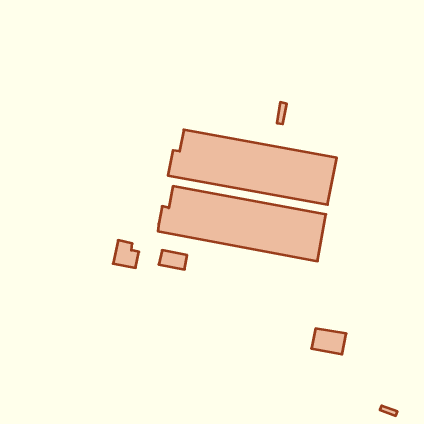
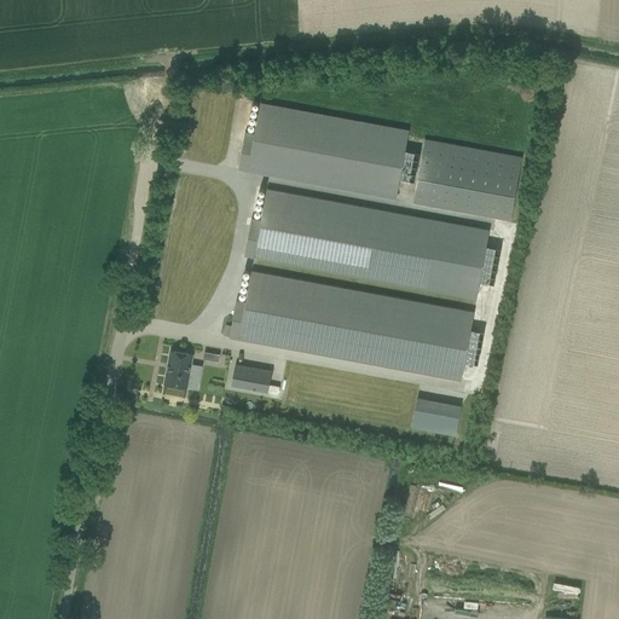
building: none -> [239,104,410,199]
building: none -> [415,140,521,220]
building: [311,329,346,354] -> [412,399,463,436]

